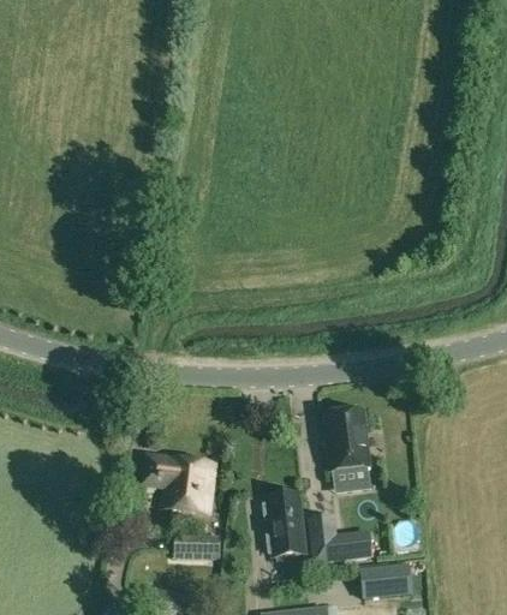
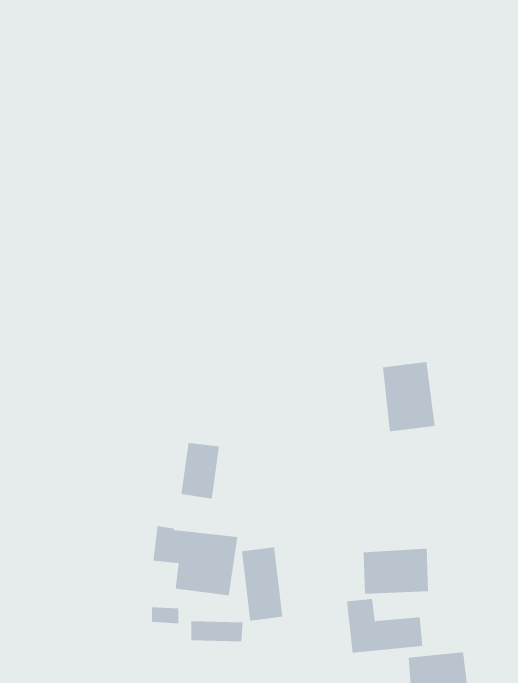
building: none -> [181,442,220,499]
building: [324,410,370,470] -> [382,362,435,432]
building: [268,492,304,556] -> [241,547,283,621]

